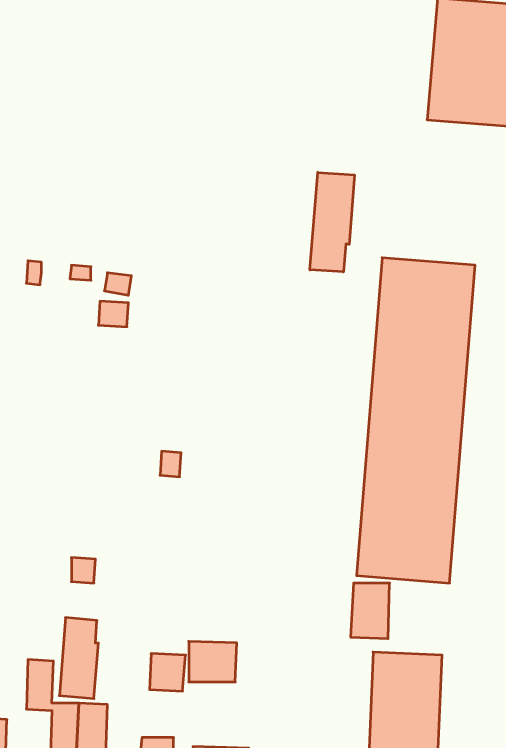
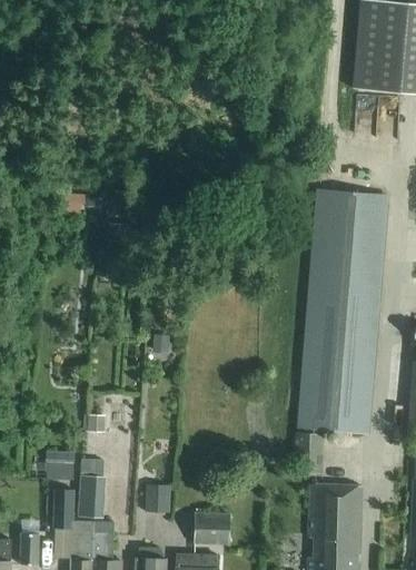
building: [310,172,354,272] -> none
building: none -> [48,453,75,479]
building: [189,641,237,682] -> [195,513,230,543]

